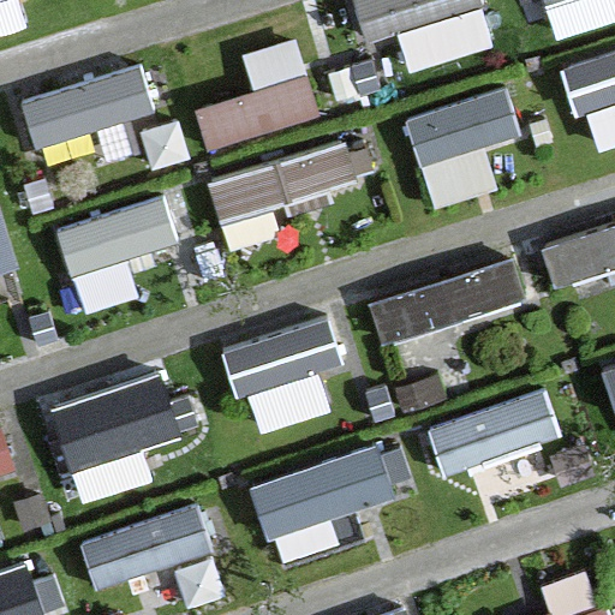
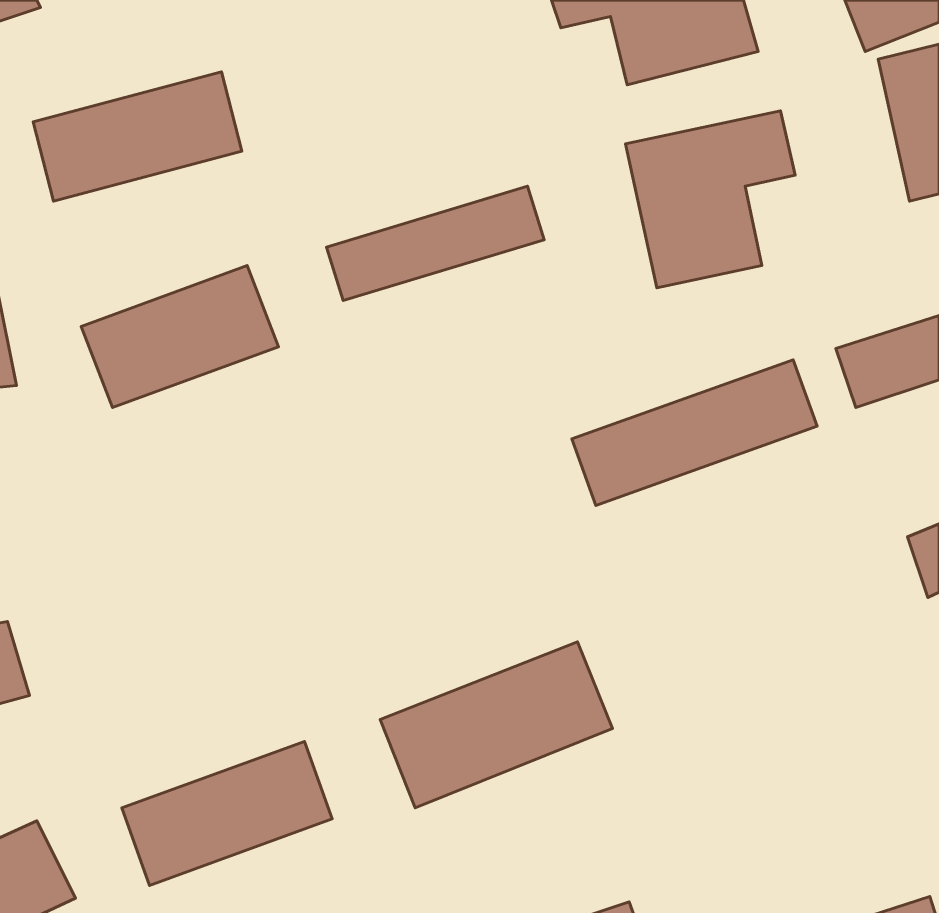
building: [193,40,322,156] -> none
building: [226,311,346,437] -> none
building: [48,366,181,506] -> none
building: [429,394,565,471] -> none

